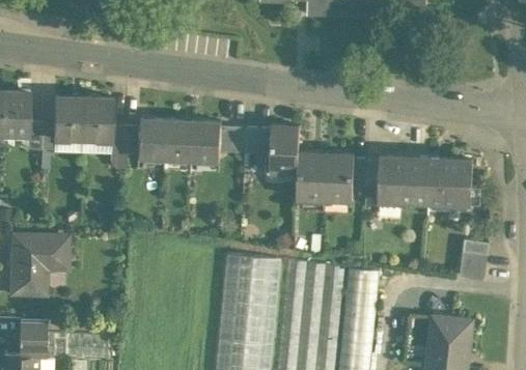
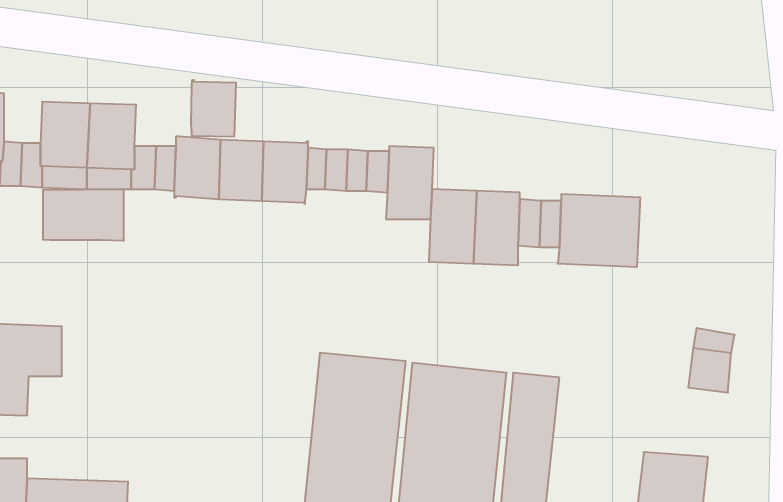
building: none -> [191,80,236,137]
building: none -> [43,189,124,241]
building: [426,158,471,203] -> none

